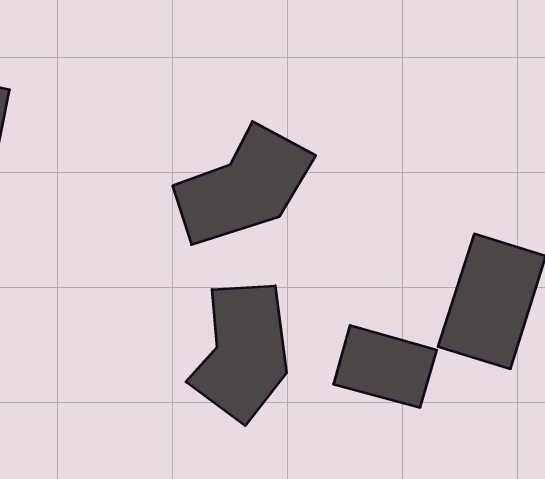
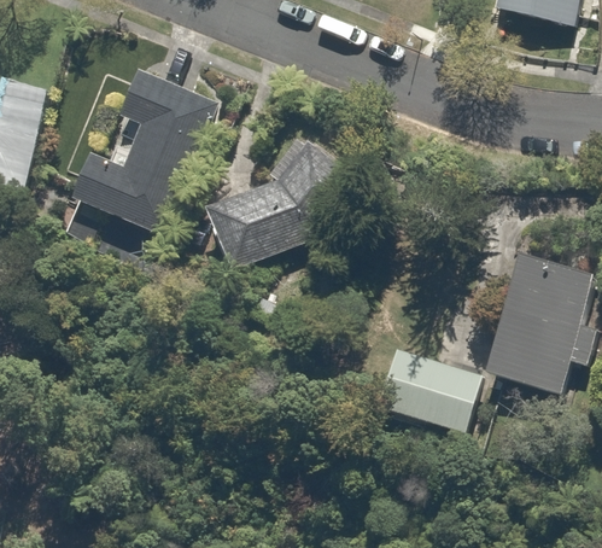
building: none -> [72,66,211,231]
building: [186,286,287,426] -> none

